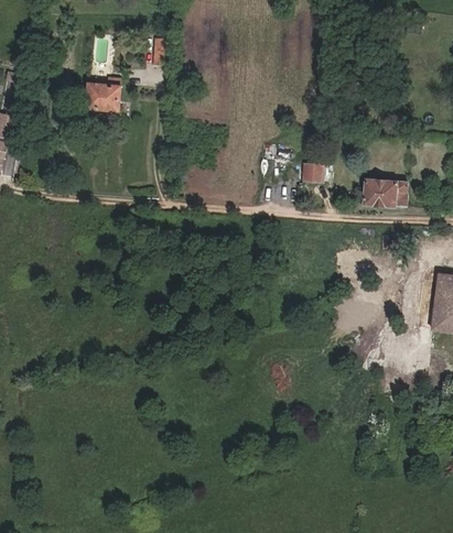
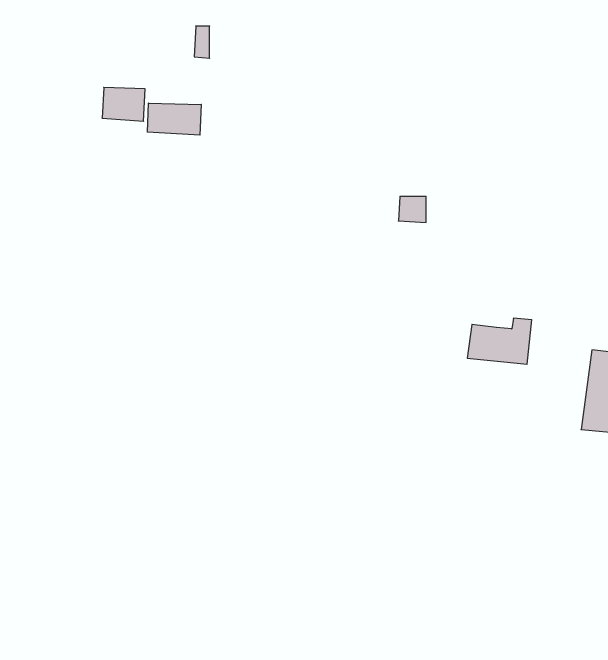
building: none -> [147,103,201,135]
building: [363,175,409,208] -> [467,318,532,364]

